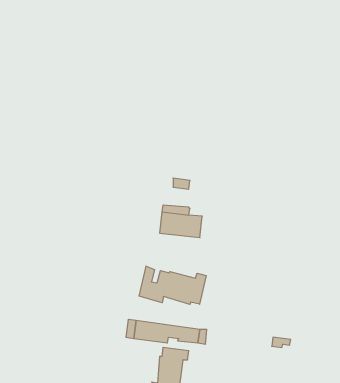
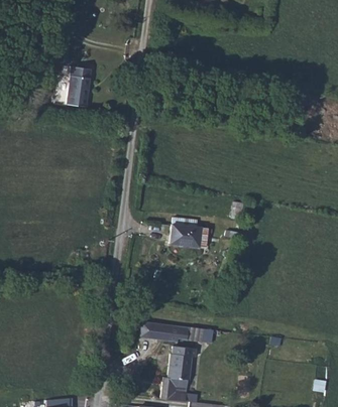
building: none -> [67,67,91,108]
building: [139,266,206,304] -> none

